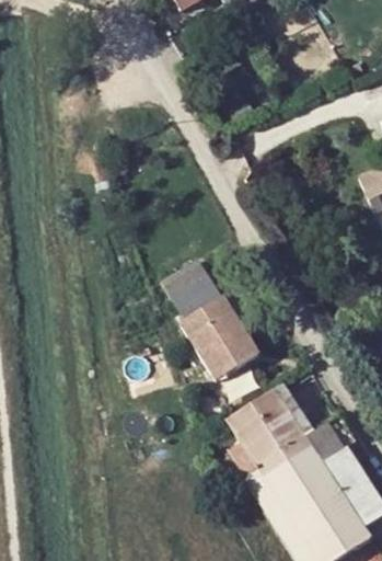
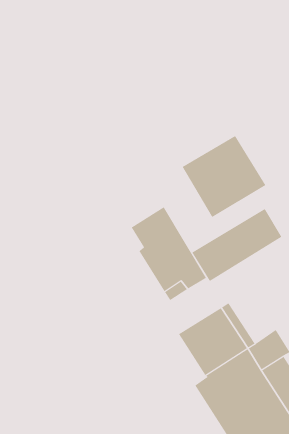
building: none -> [182,135,266,218]
building: none -> [191,208,282,282]

